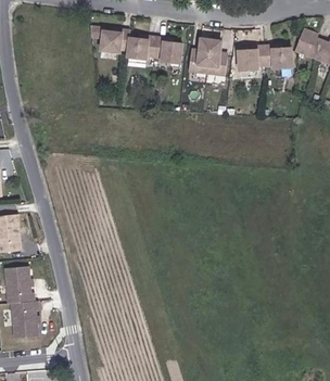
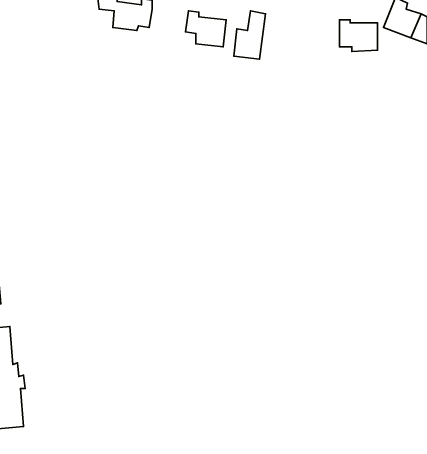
building: [126,37,155,60] -> none
building: [206,40,227,75] -> none
building: [238,45,264,68] -> none

